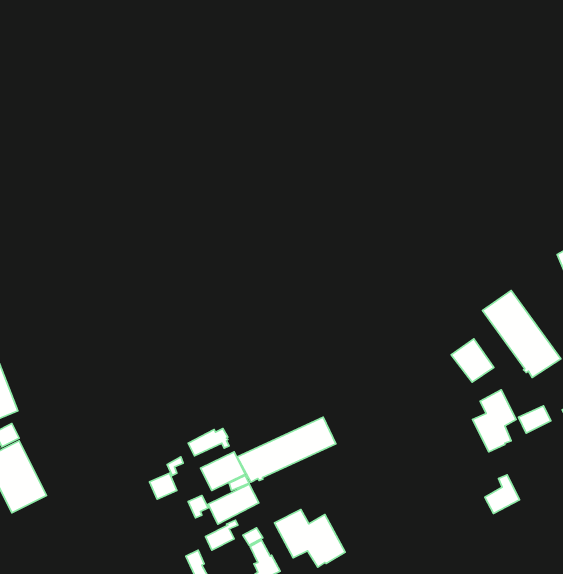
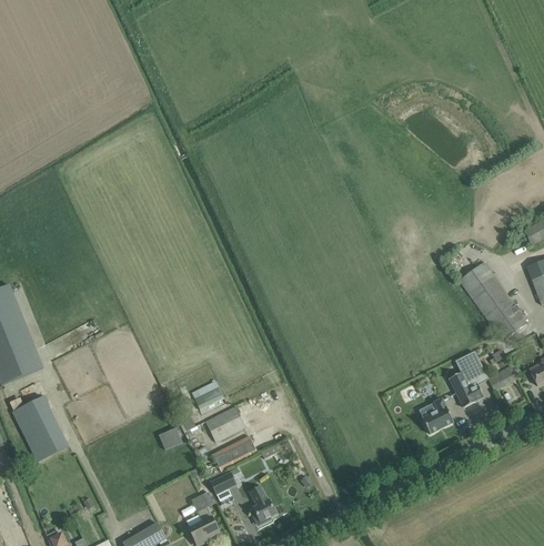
building: [451,339,494,382] -> none
building: [237,417,336,482] -> none
building: [485,475,520,513] -> [422,397,453,432]
building: [274,509,345,567] -> none

